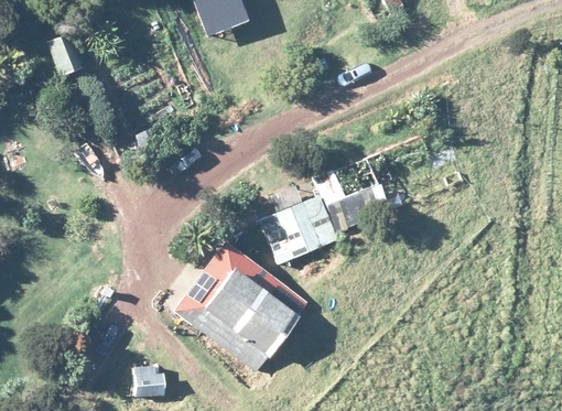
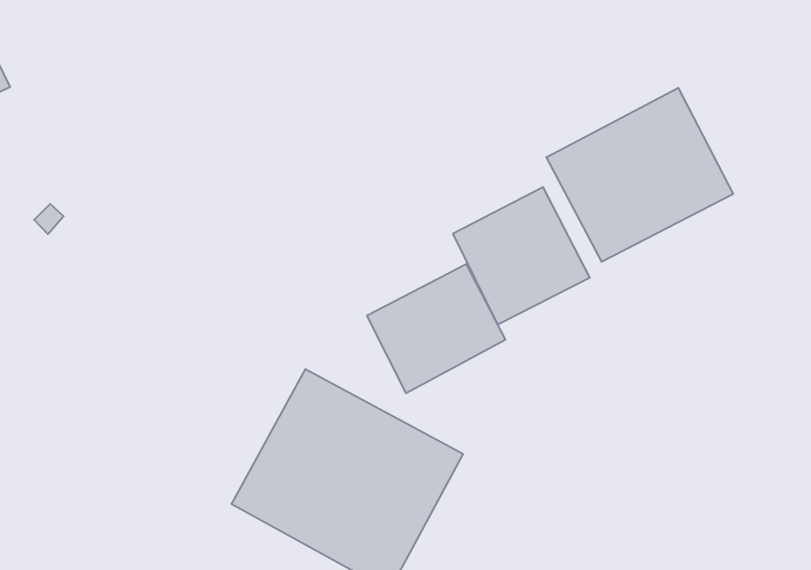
building: none -> [546,88,733,262]

